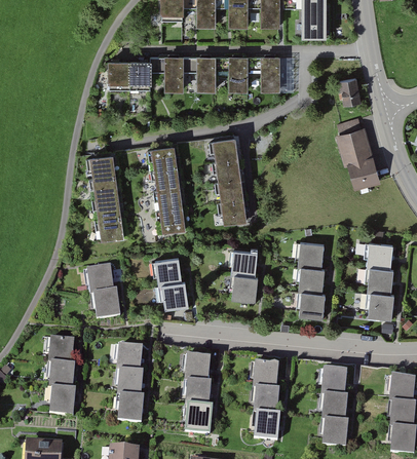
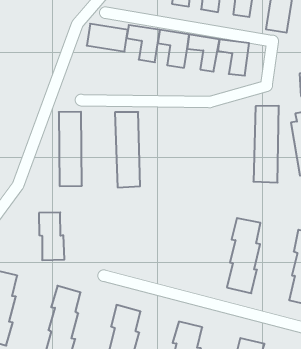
building: [212,139,248,223] -> [253,106,279,183]
building: [232,250,258,301] -> none
building: [154,256,189,310] -> none

